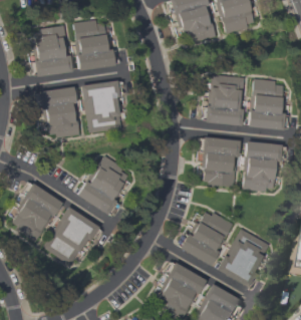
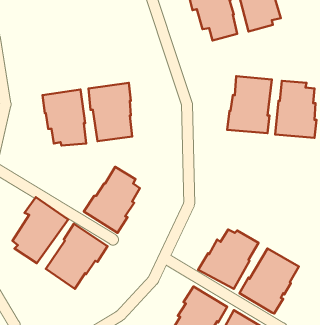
building: [74,18,115,70] -> none
building: [34,25,73,76] -> none
building: [203,136,241,187] -> none
building: [244,140,283,192] -> none

